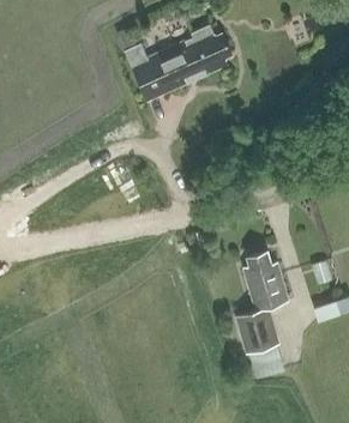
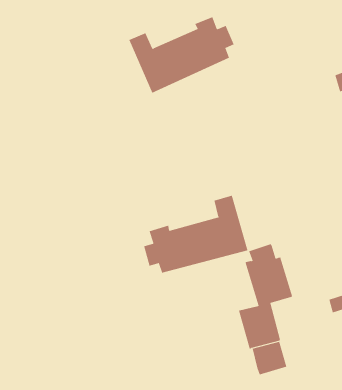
building: none -> [143,195,248,274]

